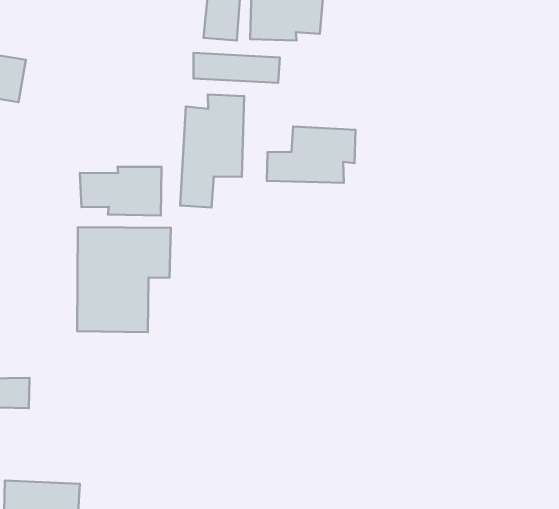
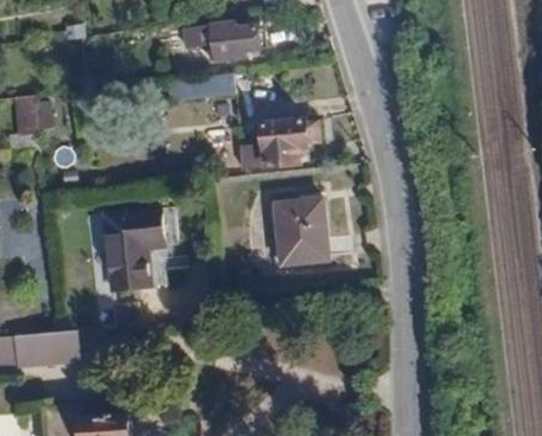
building: [180,95,244,208] -> none
building: [80,167,161,215] -> none
building: none -> [273,201,325,268]

